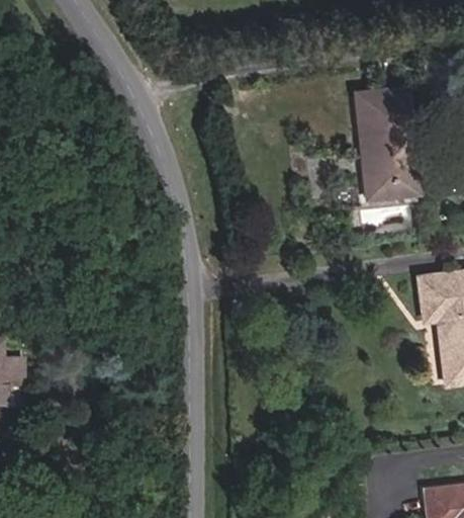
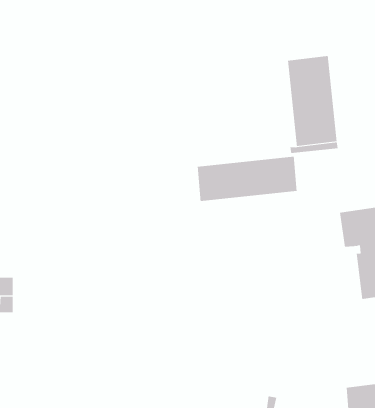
building: none -> [197,156,297,202]

